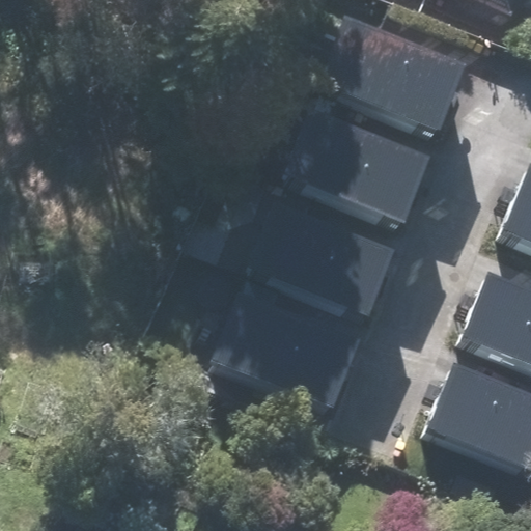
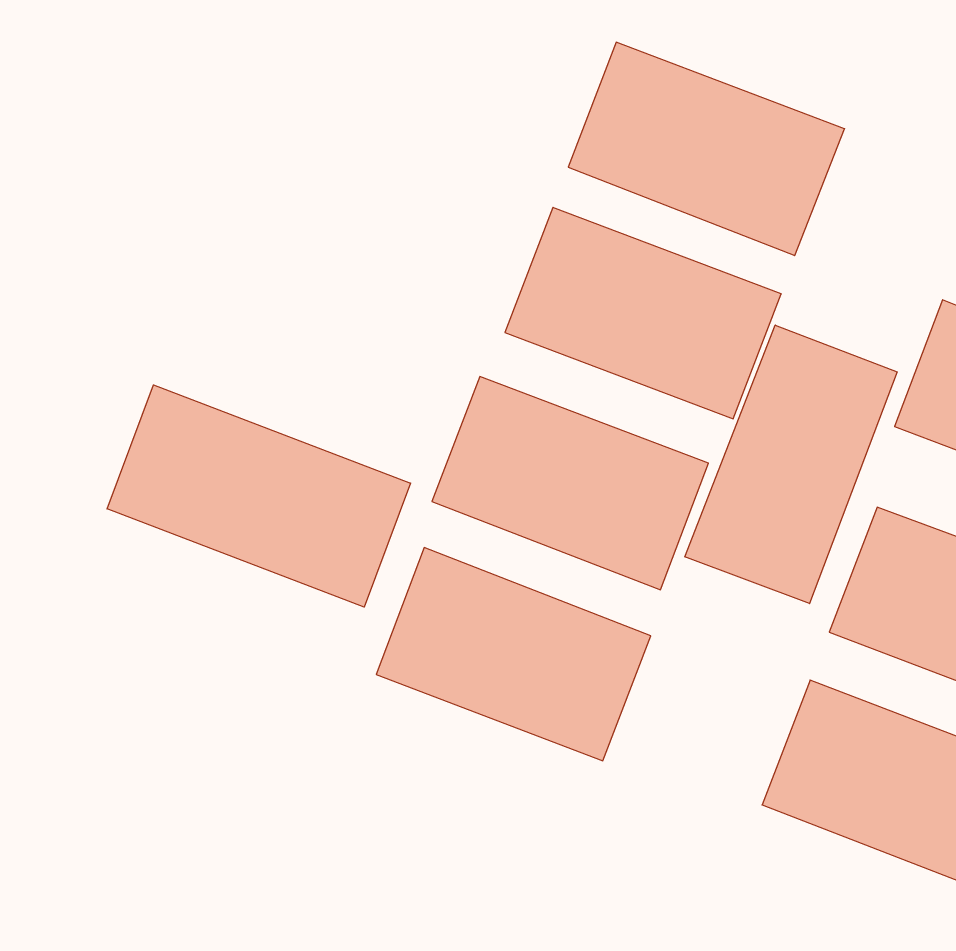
building: none -> [685,325,897,604]
building: none -> [107,385,411,607]

